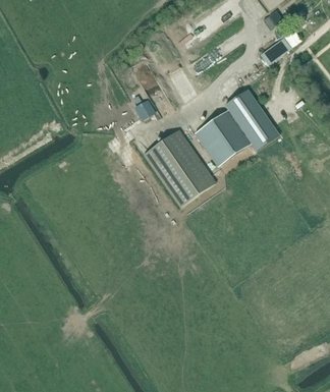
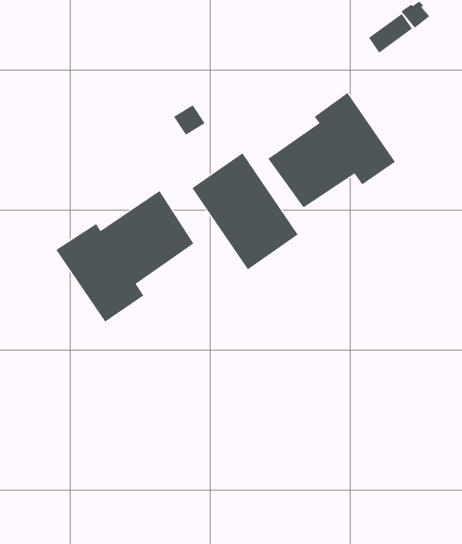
building: none -> [56,190,194,322]

